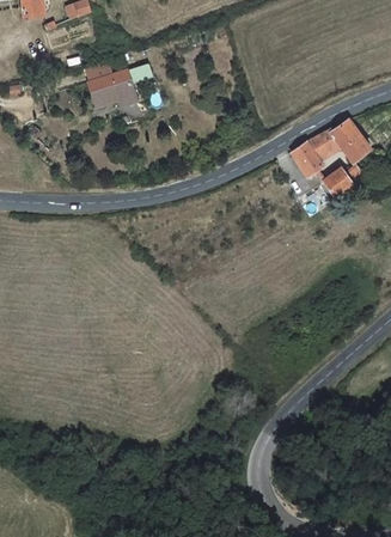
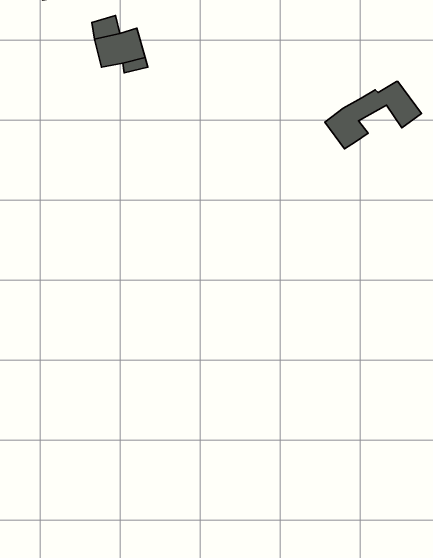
building: [323,163,365,194] -> none

